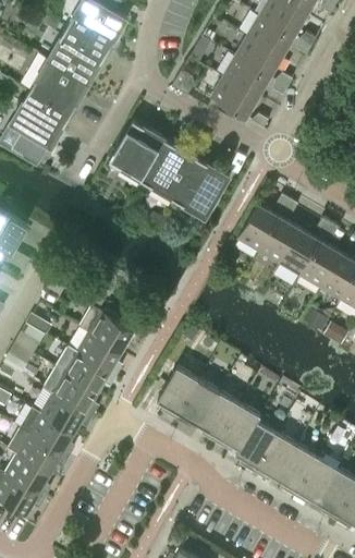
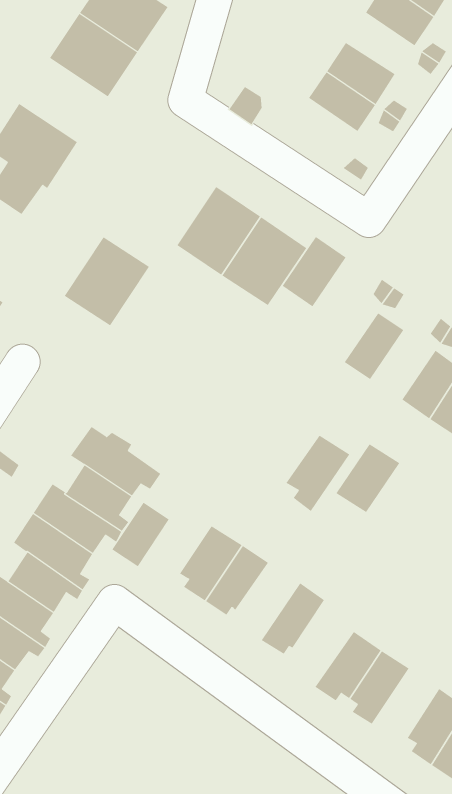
building: [247,15,294,56] -> none
building: [29,59,89,114] -> none
building: [211,75,259,119] -> none
building: [109,120,166,180] -> [64,237,150,326]
building: [237,204,280,252] -> [282,236,346,307]
building: [278,228,320,275] -> [335,444,400,513]
building: none -> [112,502,170,567]
building: [196,390,238,442] -> [286,435,350,512]
building: [235,413,277,472] -> none
building: [293,456,336,505] -> none

